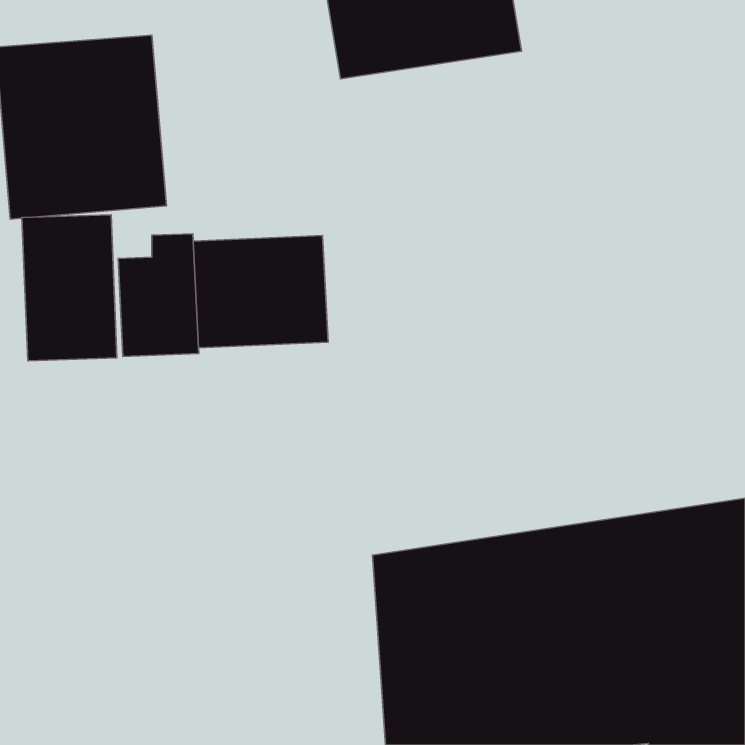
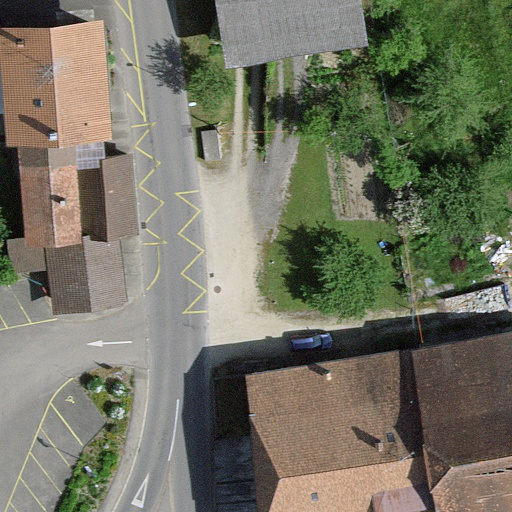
building: [193,235,328,348] -> none
building: none -> [42,245,126,318]

